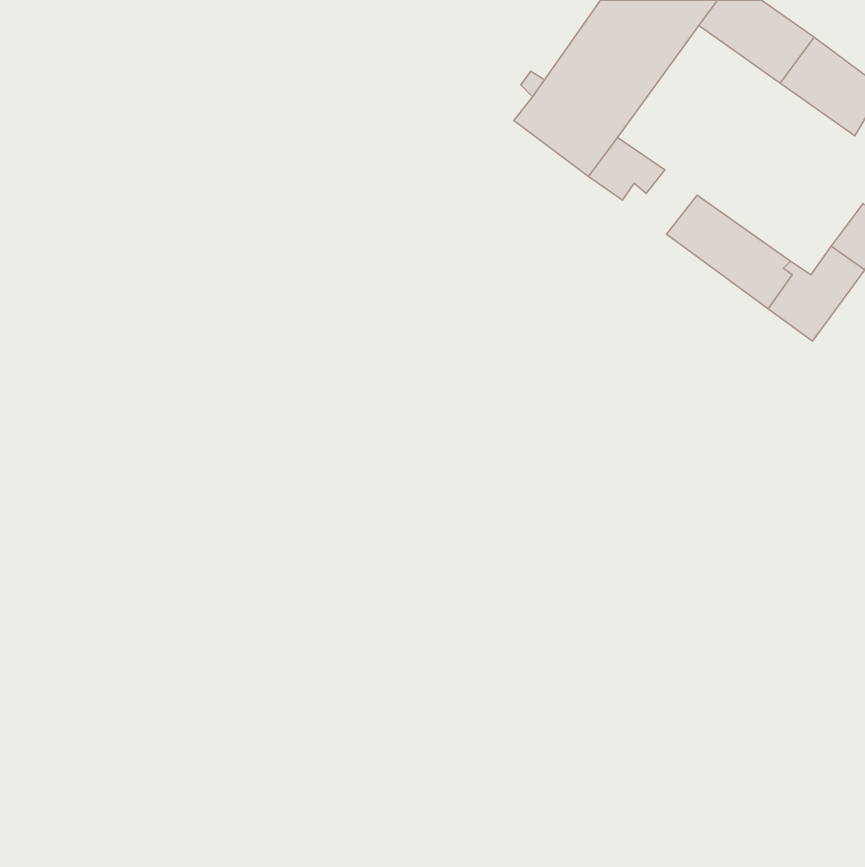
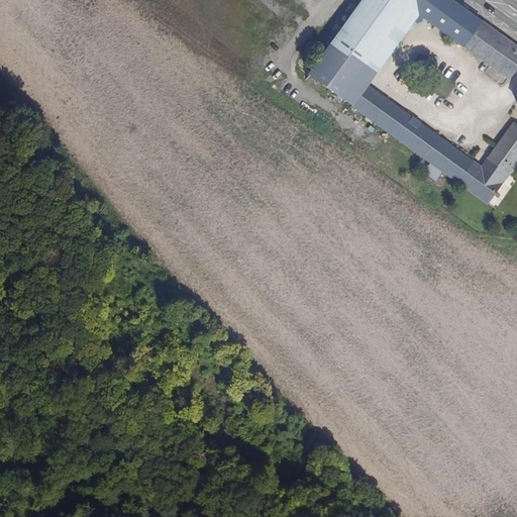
building: none -> [372,101,416,139]

